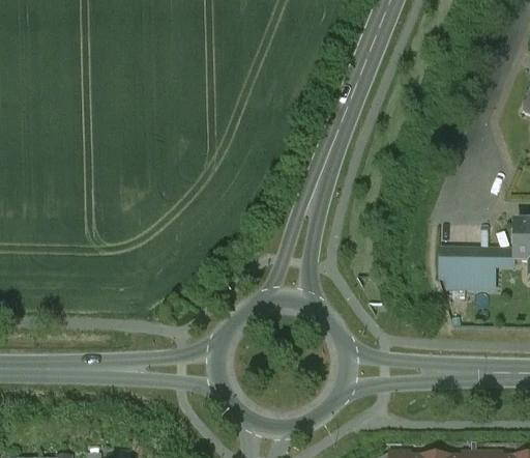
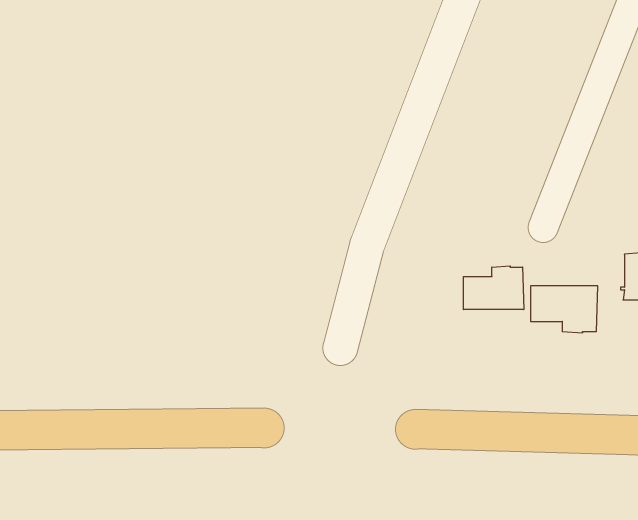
building: none -> [463,266,524,310]

